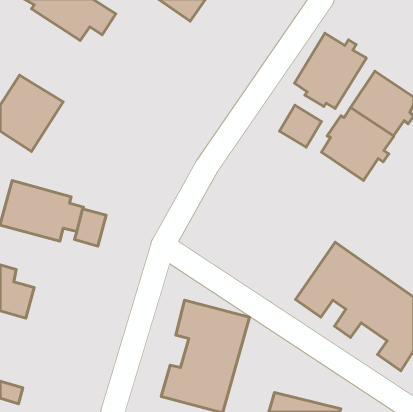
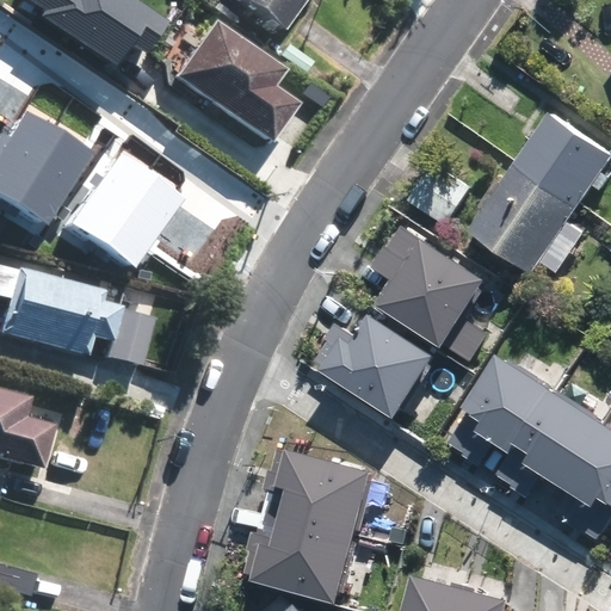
building: none -> [180,19,303,140]
building: [295,33,366,109] -> none
building: none -> [74,148,190,266]
building: none -> [364,218,493,375]
building: none -> [308,316,427,425]

